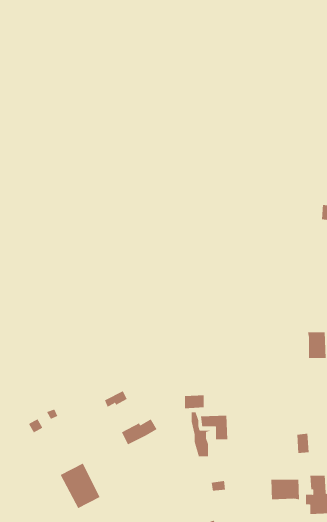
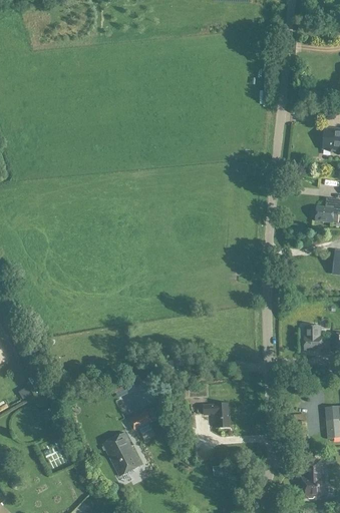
building: [60,463,100,509] -> [101,432,139,475]
building: [271,479,300,500] -> none

